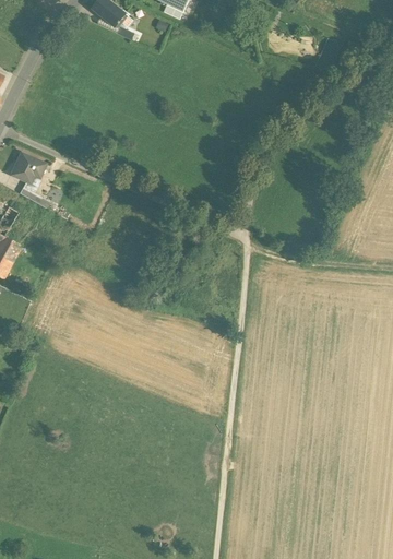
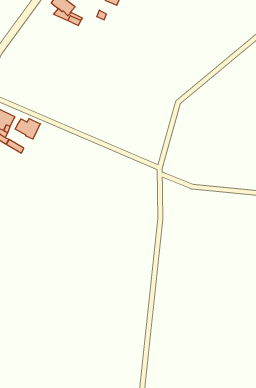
building: none -> [15,119,40,139]

